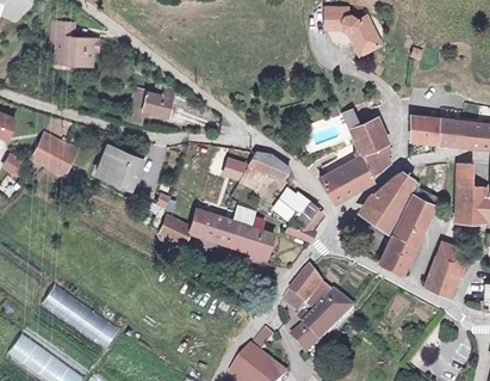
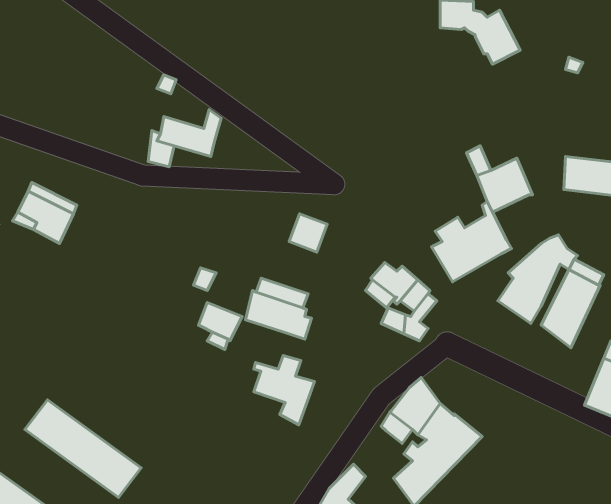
building: [52,23,99,64] -> none
building: [361,142,390,173] -> none
building: [97,146,142,189] -> none
building: [249,150,290,178] -> none
building: [232,216,274,264] -> [254,355,315,425]
building: [380,232,415,274] -> none

